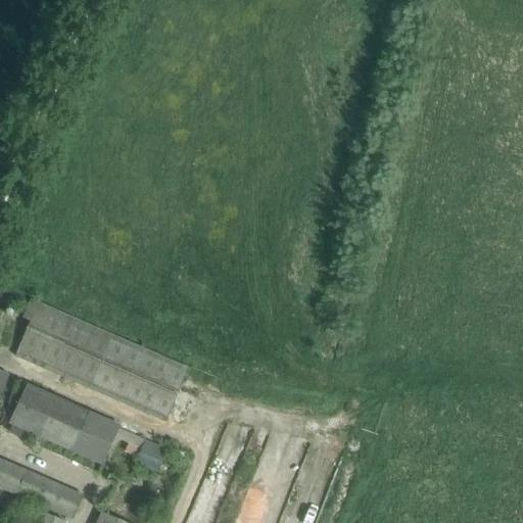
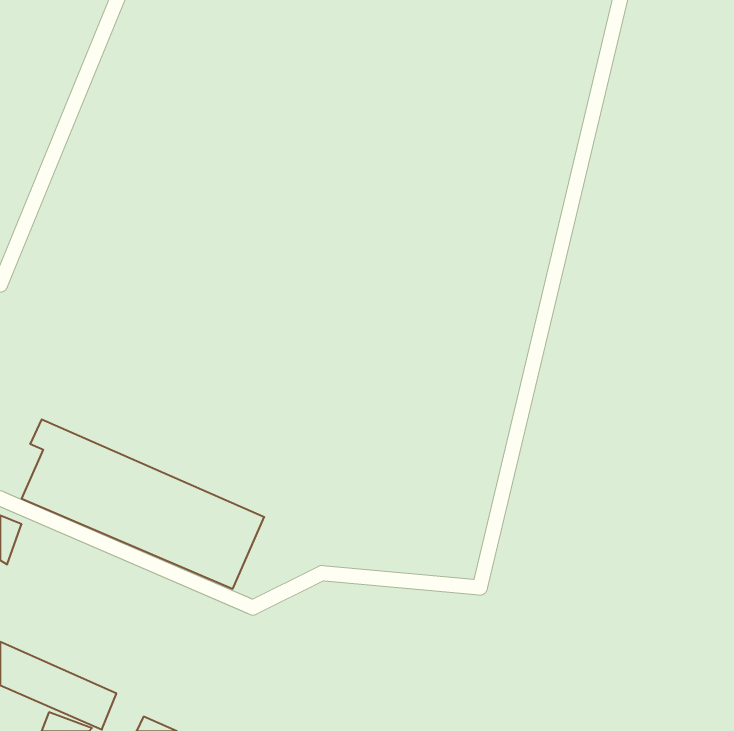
building: [8,382,118,464] -> none
building: [135,438,168,470] -> none

